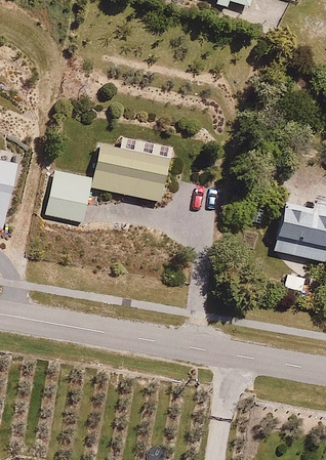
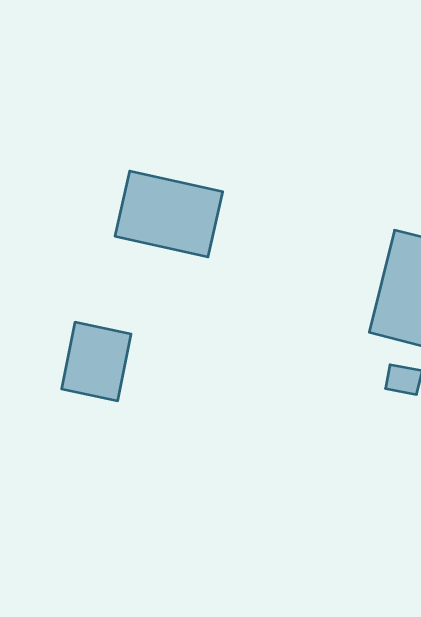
building: [46,170,94,224] -> [62,322,131,401]

